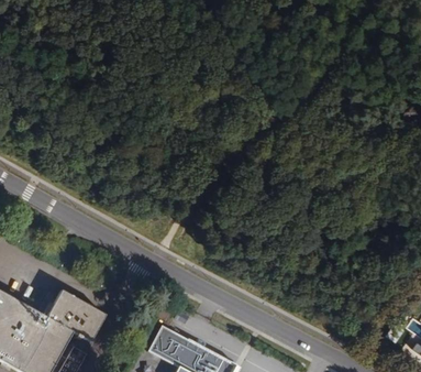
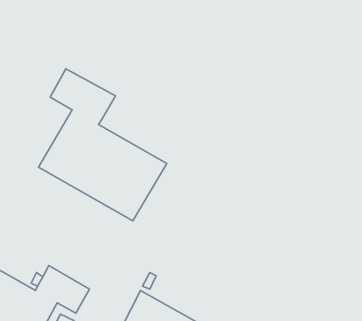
building: none -> [38,69,167,221]

